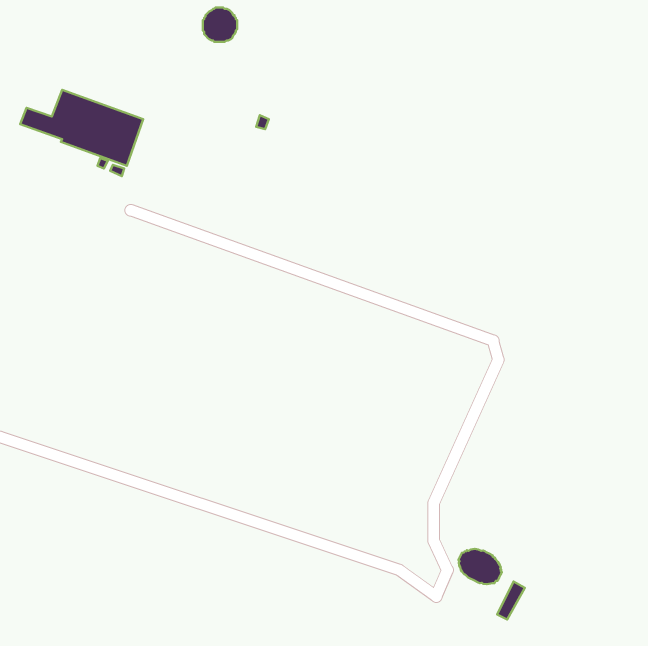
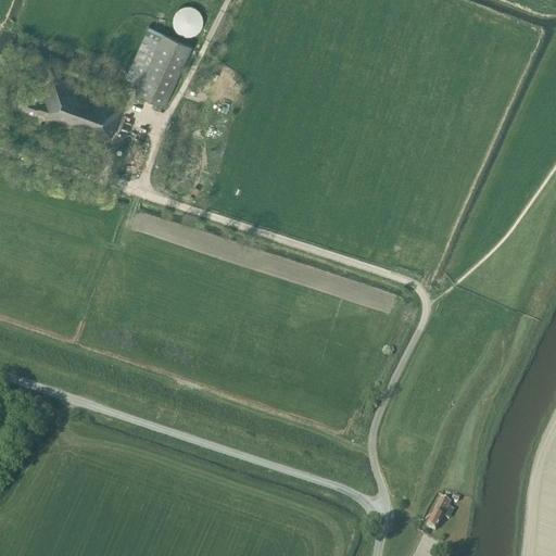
building: none -> [126,28,192,108]
building: [458,549,502,584] -> none

